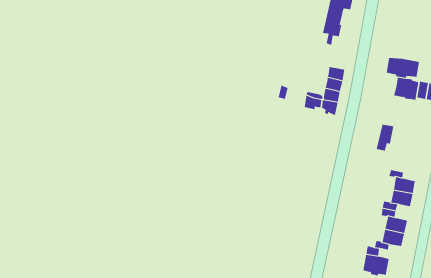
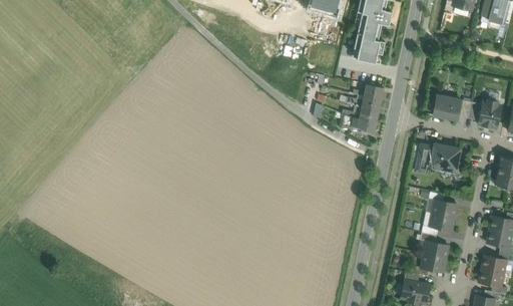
building: [386,57,419,78] -> none
building: none -> [430,143,459,171]

